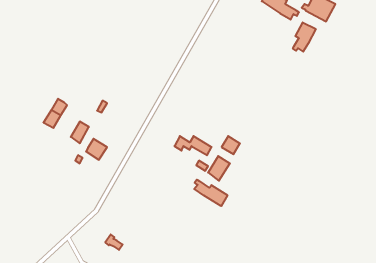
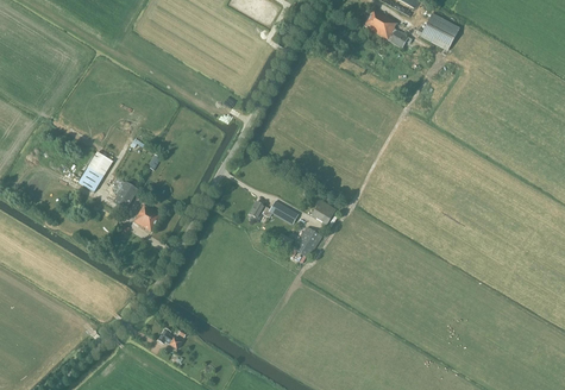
building: [293,22,316,52] -> none
building: [194,180,227,206] -> none

